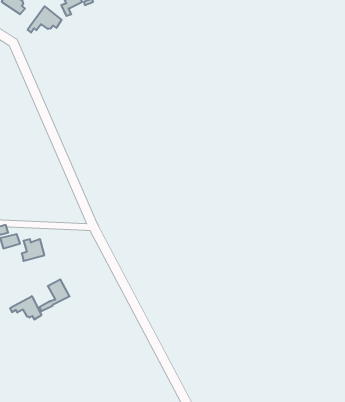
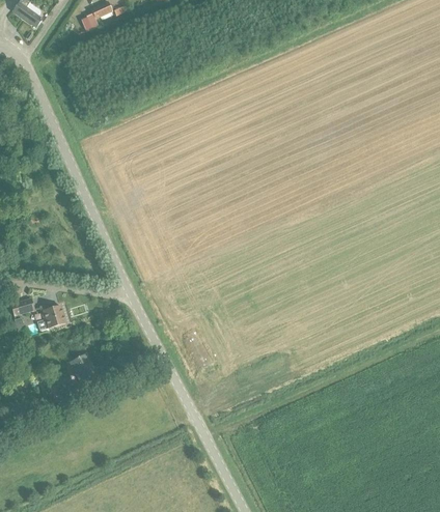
building: [28,6,62,33] -> none
building: [10,296,41,320] -> none

